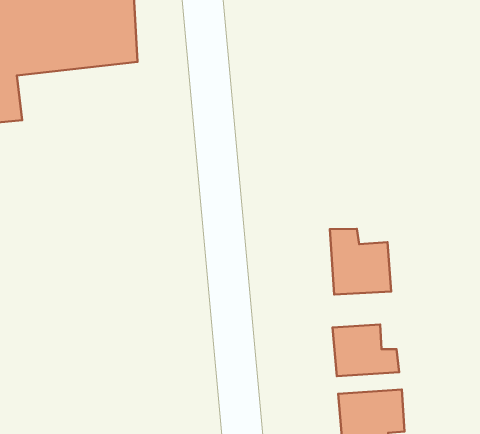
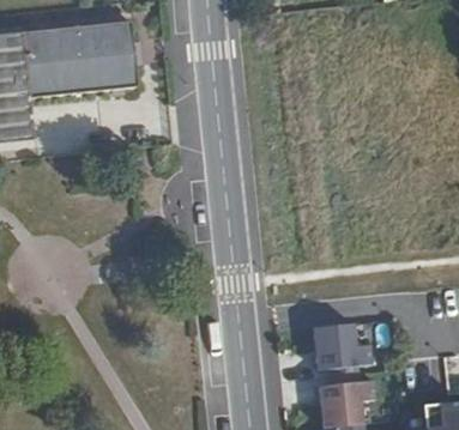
building: [330,229,391,294] -> none

